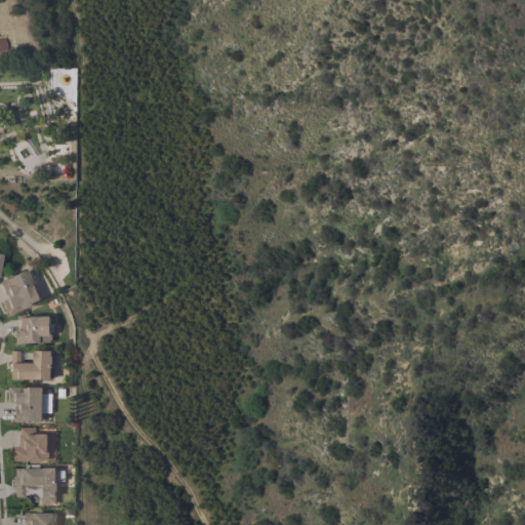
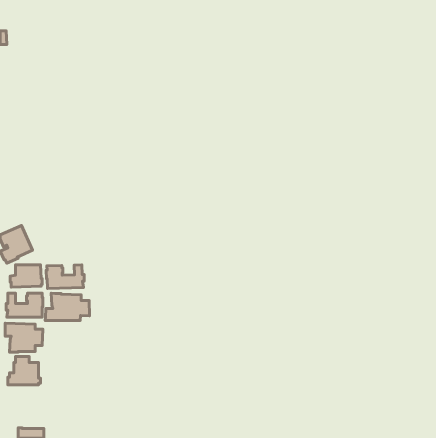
building: none -> [46,265,84,289]
building: none -> [45,293,89,320]
building: [15,468,59,504] -> none

